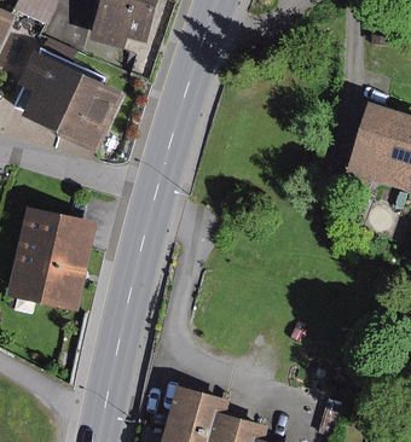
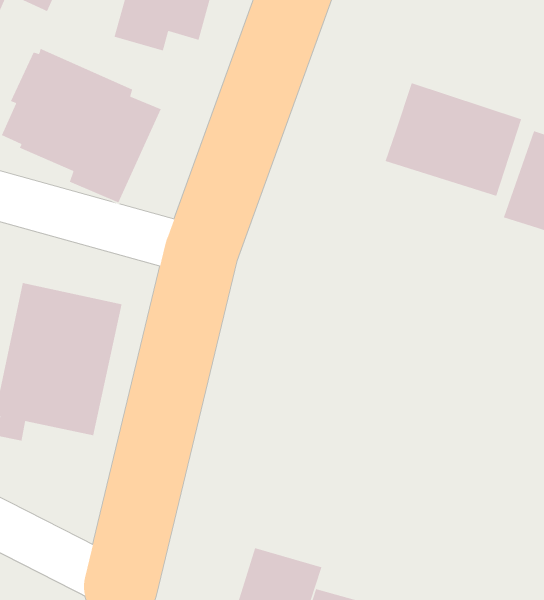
building: none -> [384,82,522,197]

